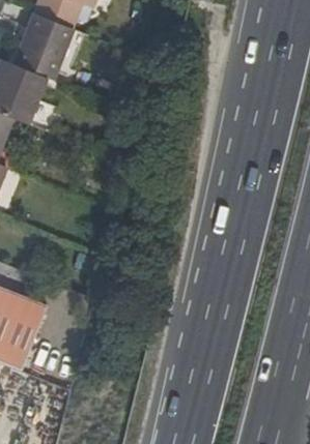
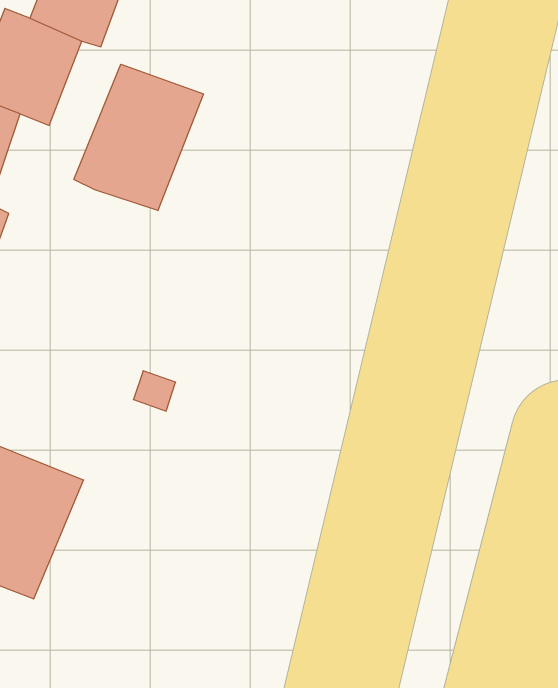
building: none -> [74,64,203,211]

